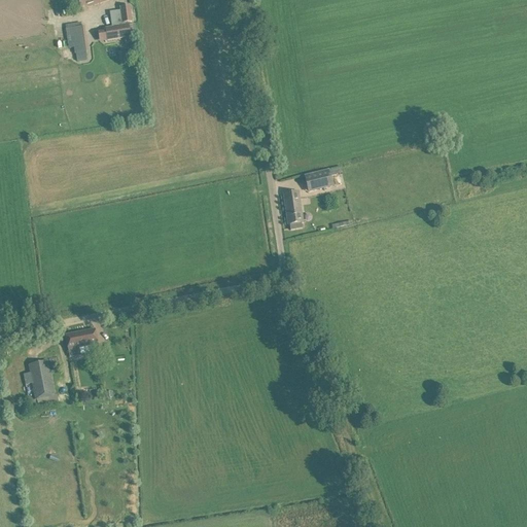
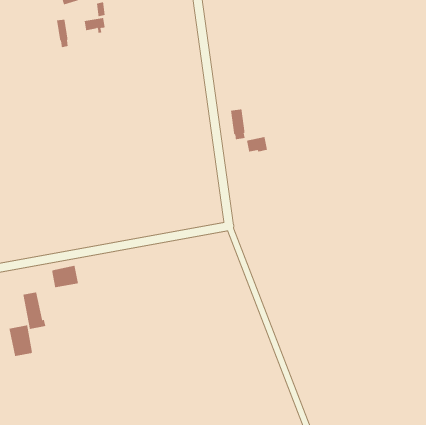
building: [282,189,301,227] -> [230,109,245,140]
building: none -> [9,324,33,357]

